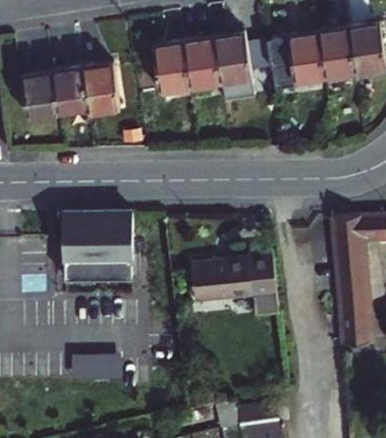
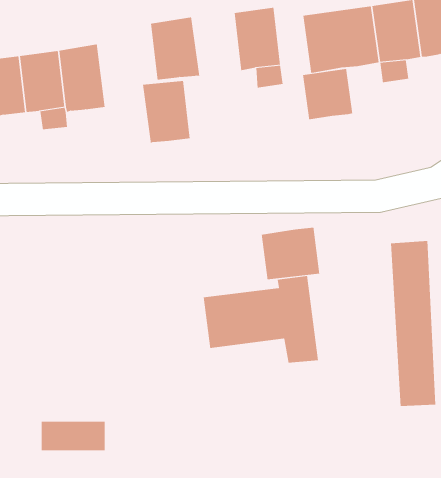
building: [183,43,220,91] -> [142,81,191,144]
building: none -> [303,68,353,120]
building: none -> [261,227,320,280]
building: [55,210,137,274] -> none

